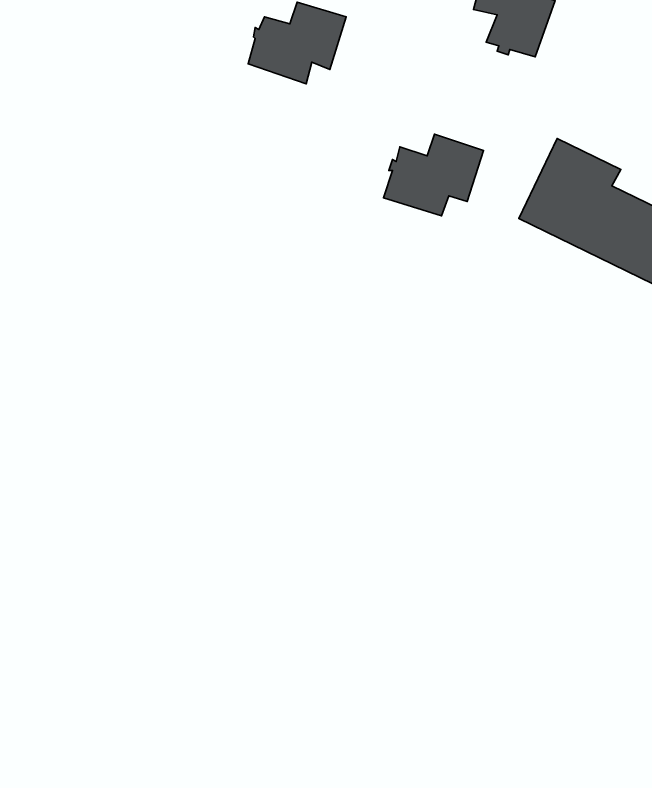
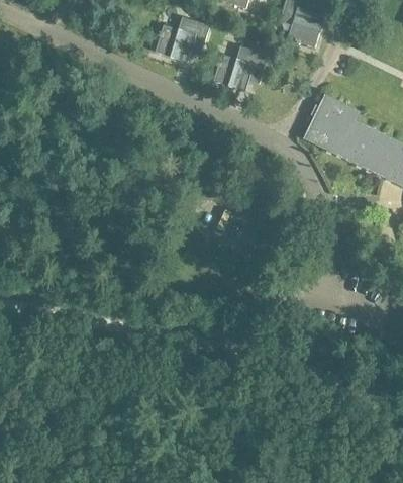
building: [383,134,483,216] -> [213,46,269,92]

